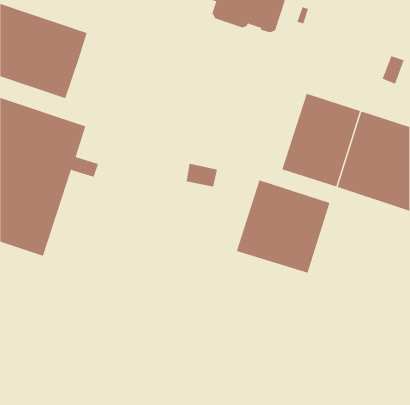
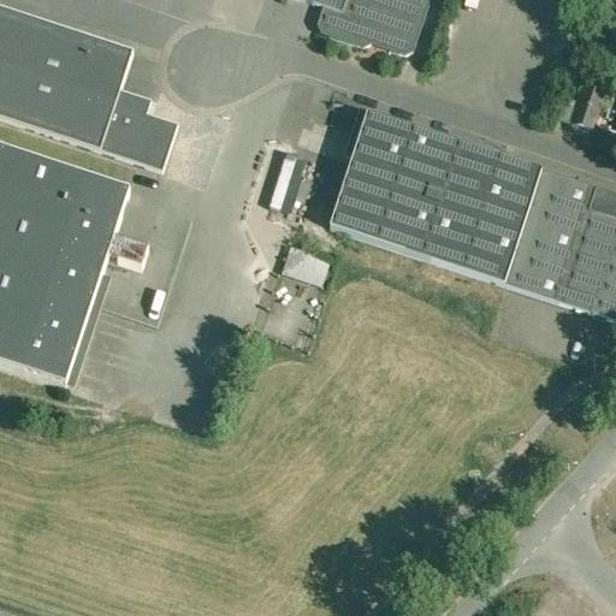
building: none -> [99,88,176,168]
building: none -> [330,109,458,254]
building: [236,179,330,274] -> none

